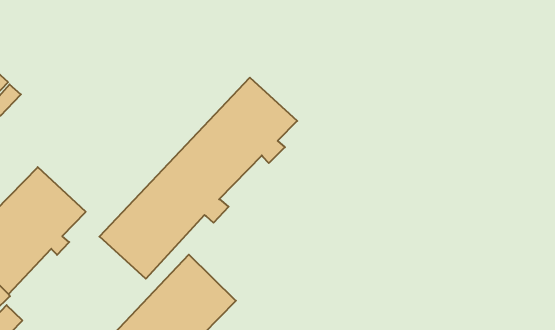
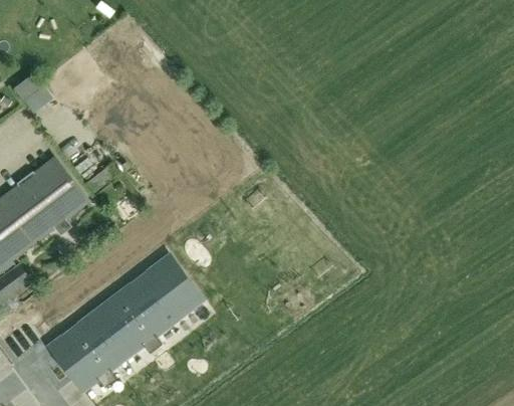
building: [99,78,297,279] -> none

